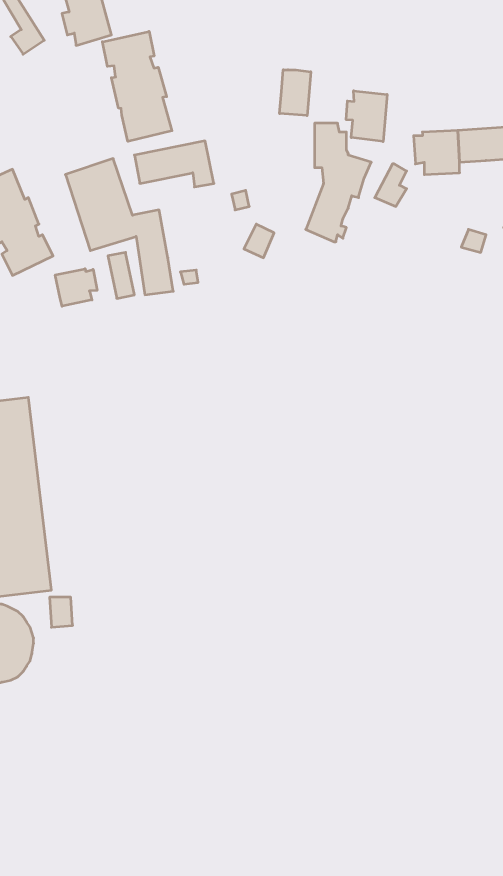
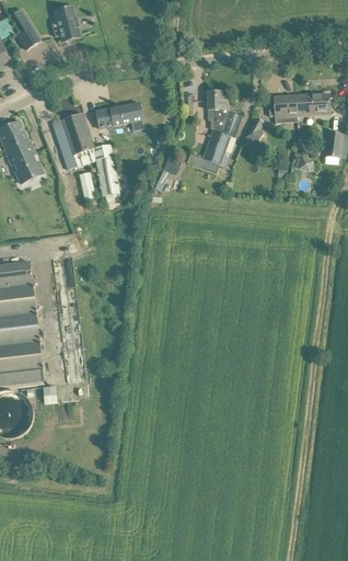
building: [102,31,172,141] -> none
building: [280,70,311,116] -> none
building: [346,91,387,142] -> none
building: [55,269,97,306] -> none

